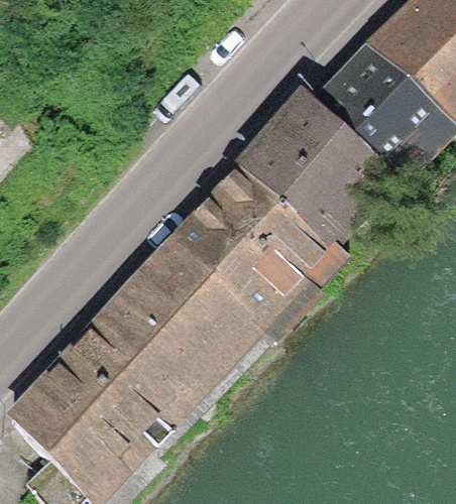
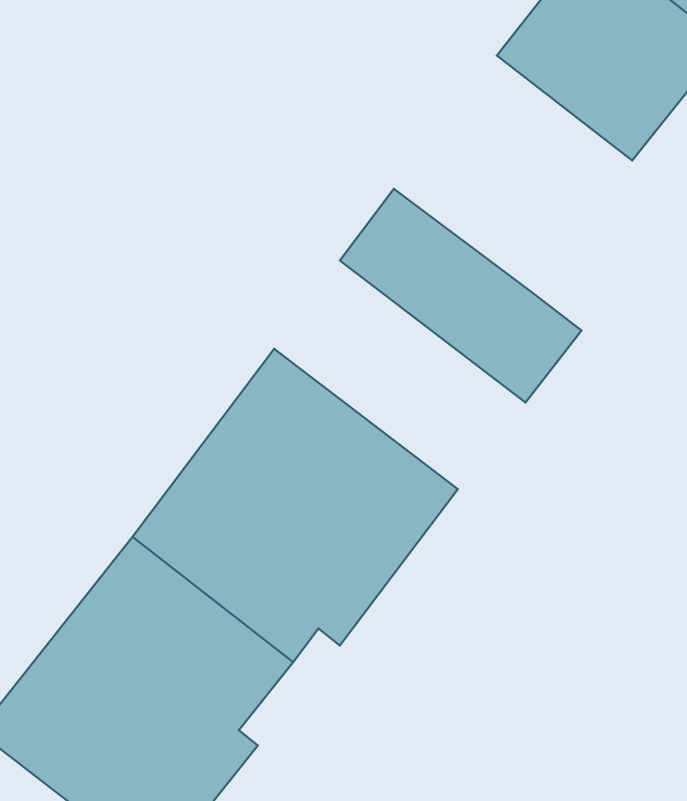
building: [256,94,382,219] -> none
building: [185,192,313,318] -> none

